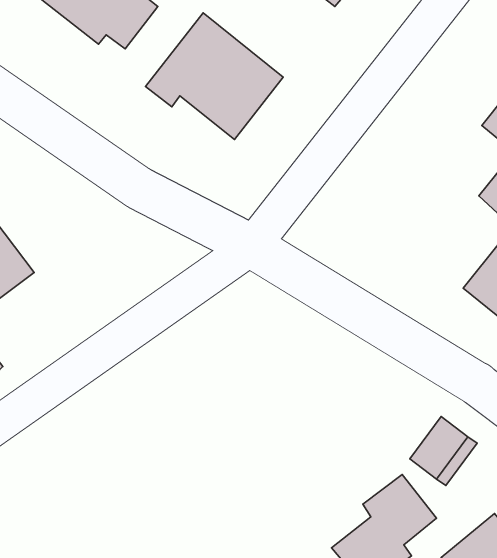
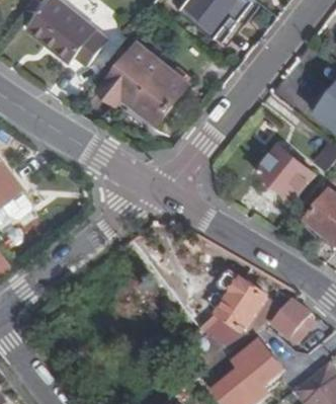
building: none -> [256,145,313,200]
building: none -> [197,275,278,352]

